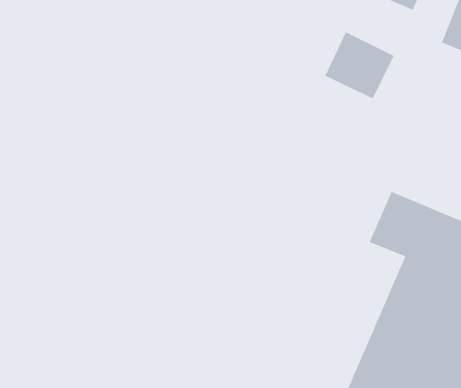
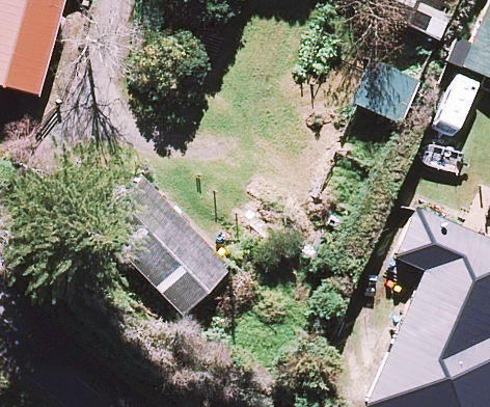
building: none -> [97,178,229,313]

